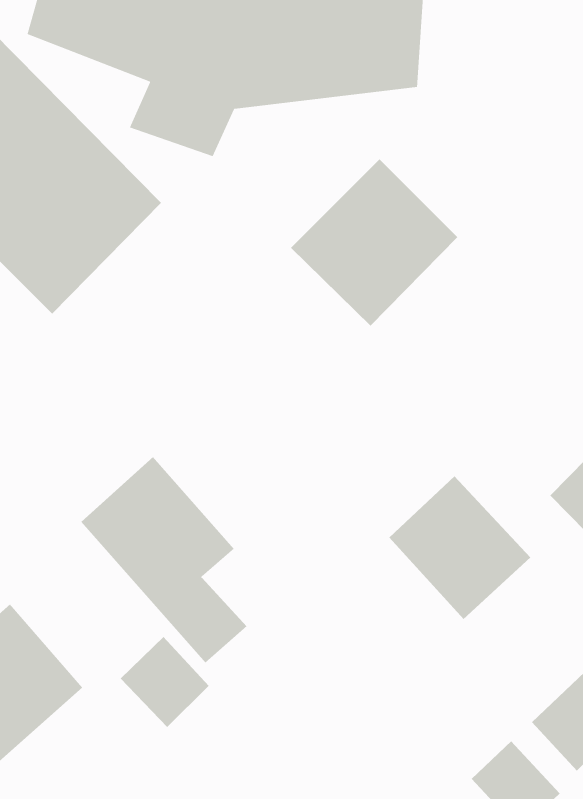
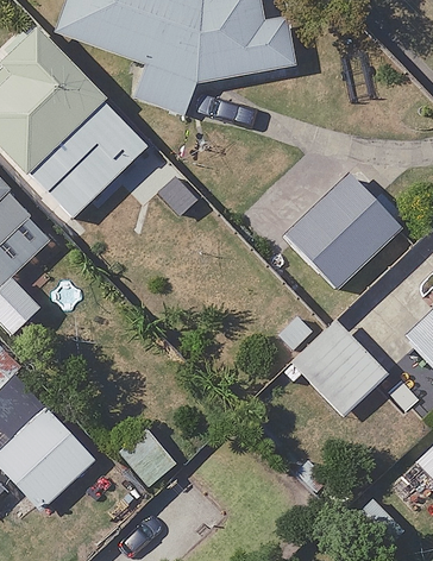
building: [290,158,458,327] -> [288,176,397,285]
building: [80,456,247,664] -> none

